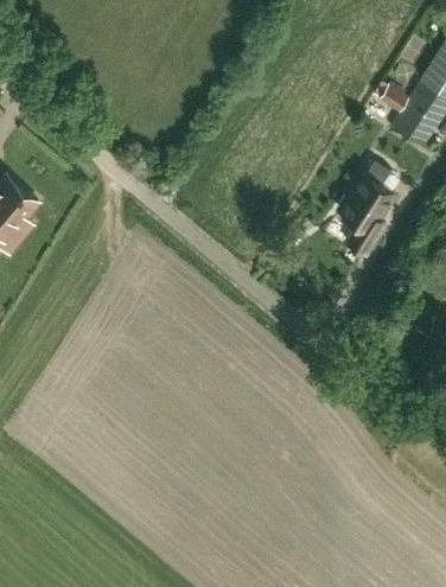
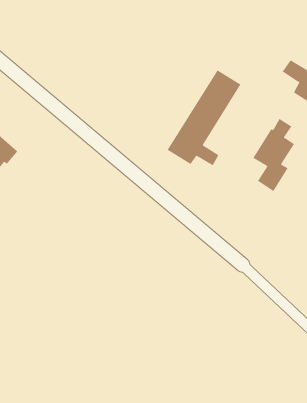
building: none -> [167,69,241,166]

